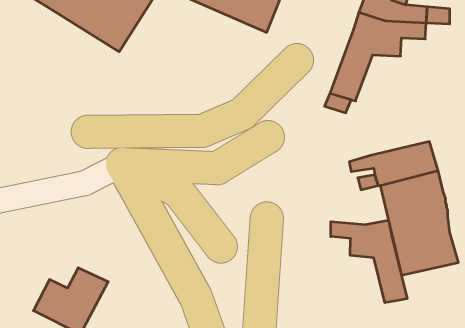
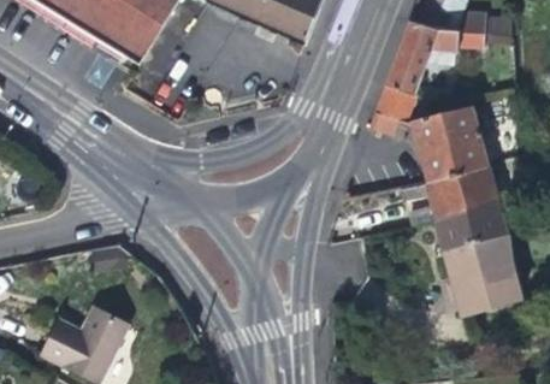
building: none -> [409,105,489,181]
building: [331,220,407,303] -> none

